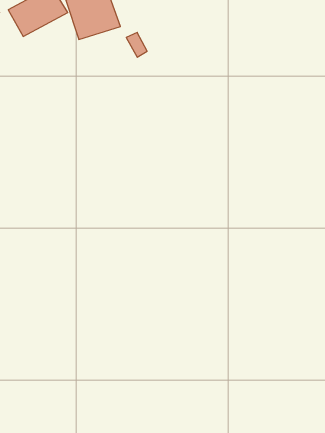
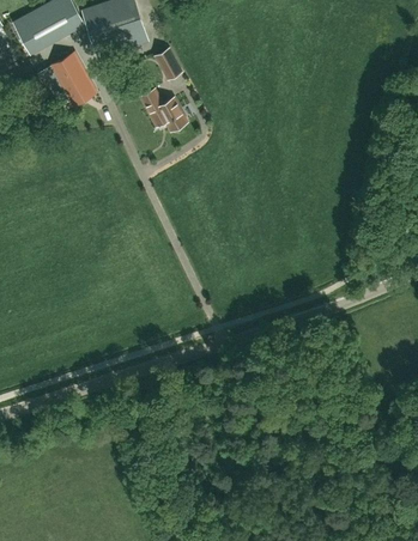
building: none -> [49,53,96,107]
building: none -> [140,90,186,130]

